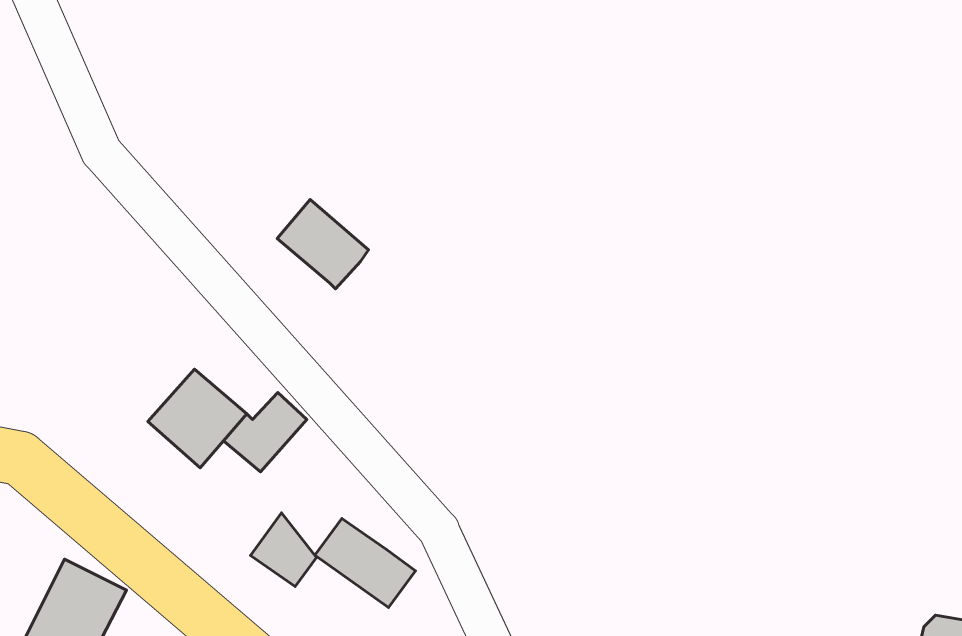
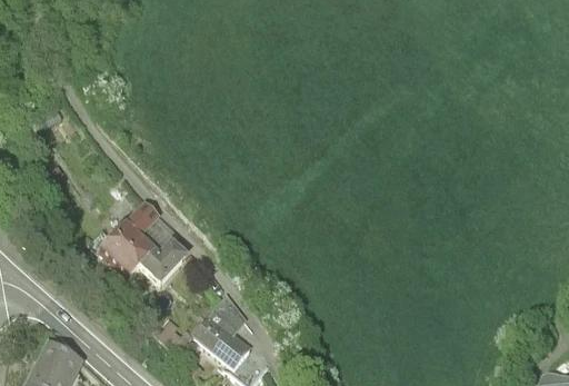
building: [277,200,368,289] -> [123,207,176,258]
building: [251,513,317,587] -> [208,290,246,333]

